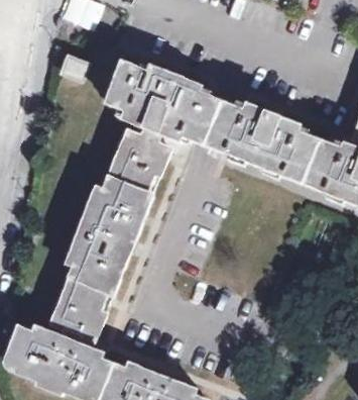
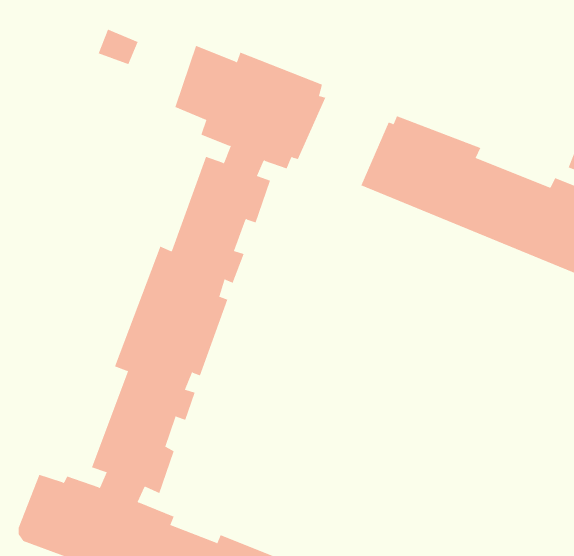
building: [185,89,245,152] -> none

